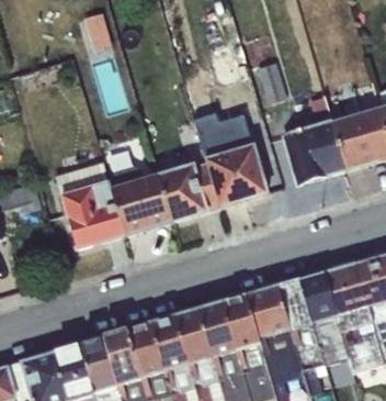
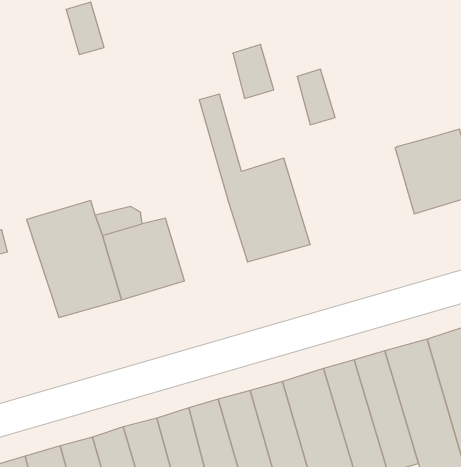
building: [284,121,345,185] -> none
building: [159,161,220,221] -> none

